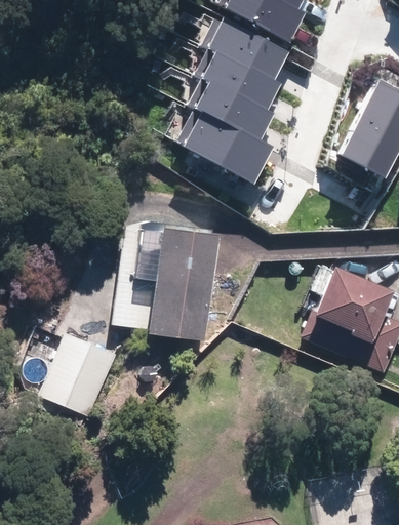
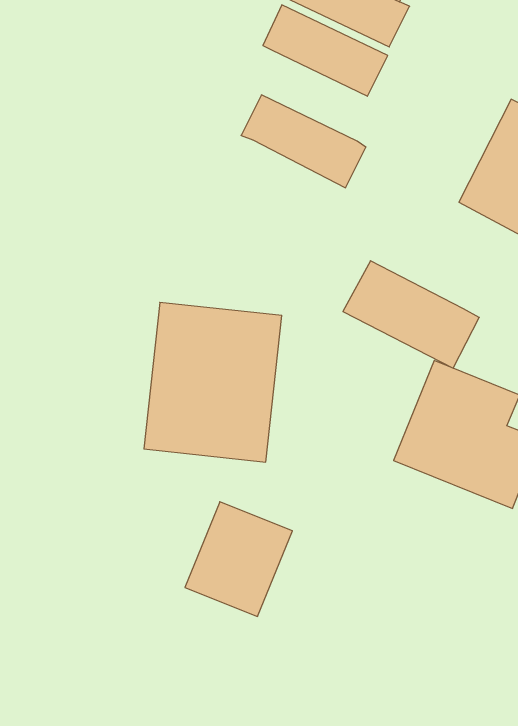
building: [197,45,285,110] -> none
building: [177,109,274,185] -> [343,261,479,368]
building: [37,333,113,414] -> [185,502,292,616]

